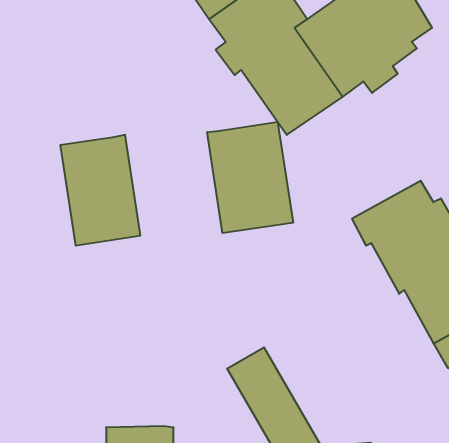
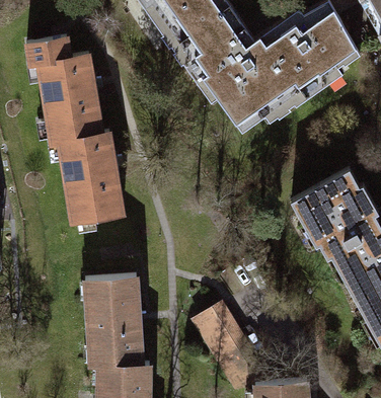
building: none -> [26,37,100,142]
building: [207,122,293,233] -> none
building: none -> [83,275,141,366]

